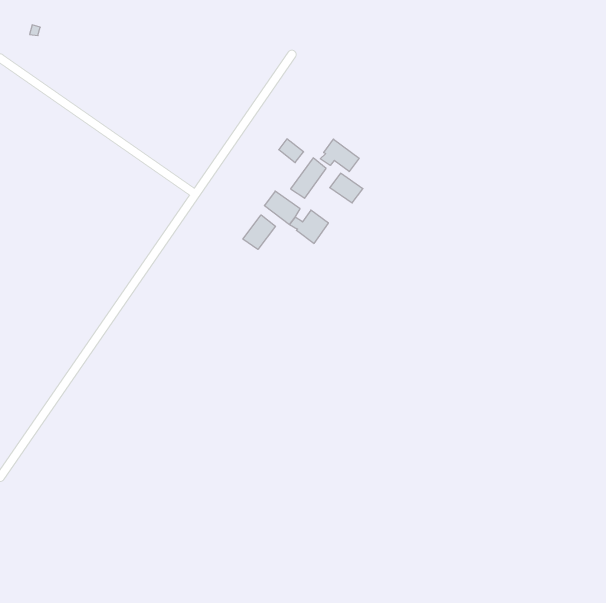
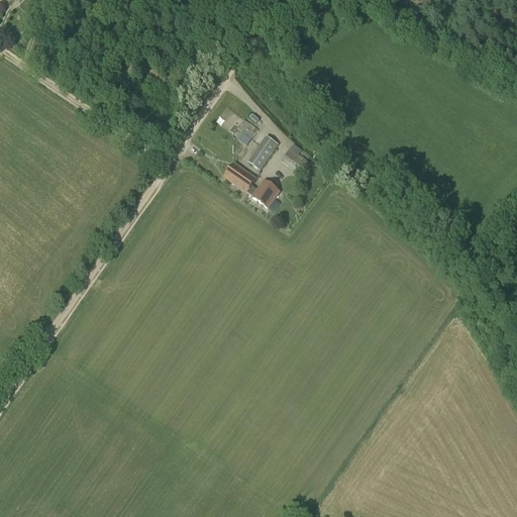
building: [320,139,359,172] -> none
building: [243,215,275,249] -> none

